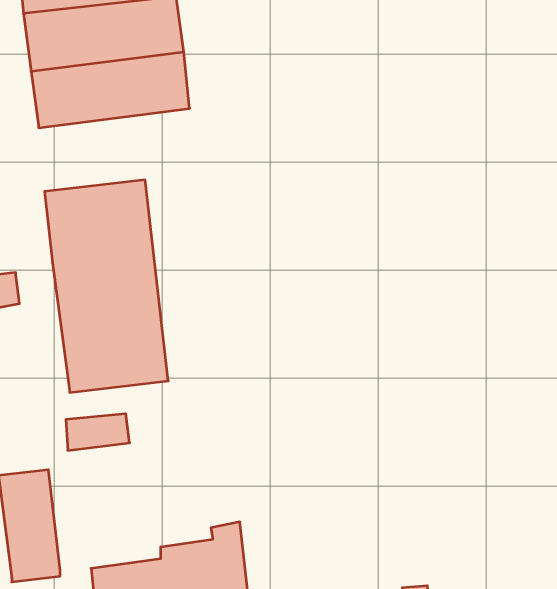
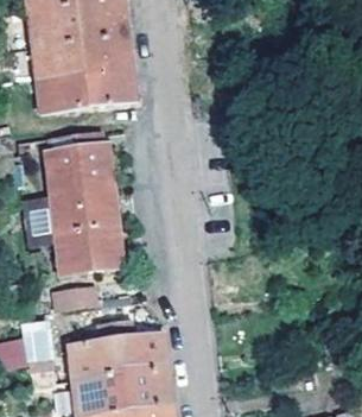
building: none -> [68,320,163,379]

